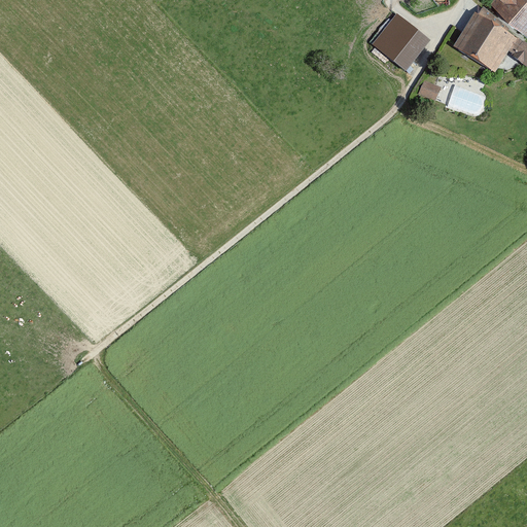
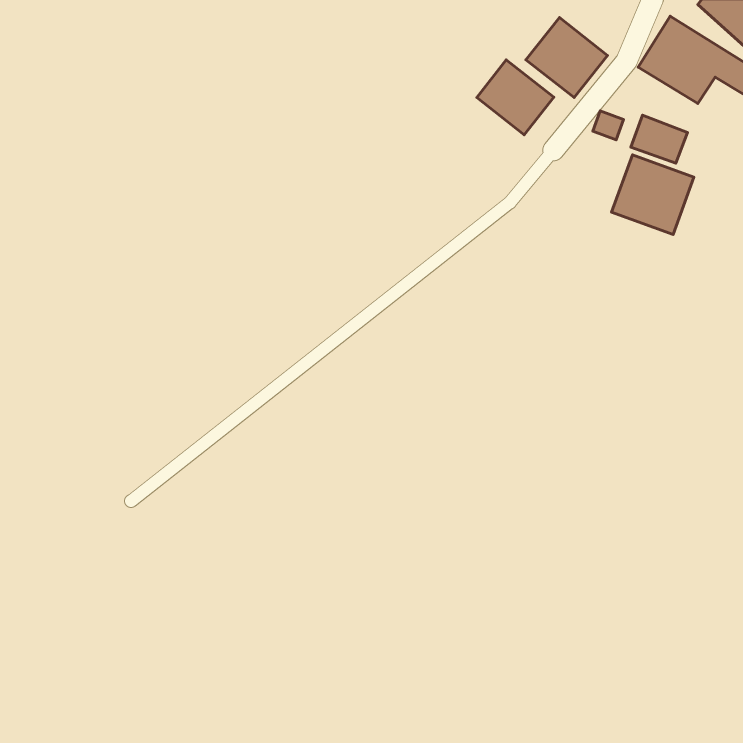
building: none -> [477,60,554,135]
building: none -> [611,155,694,234]

